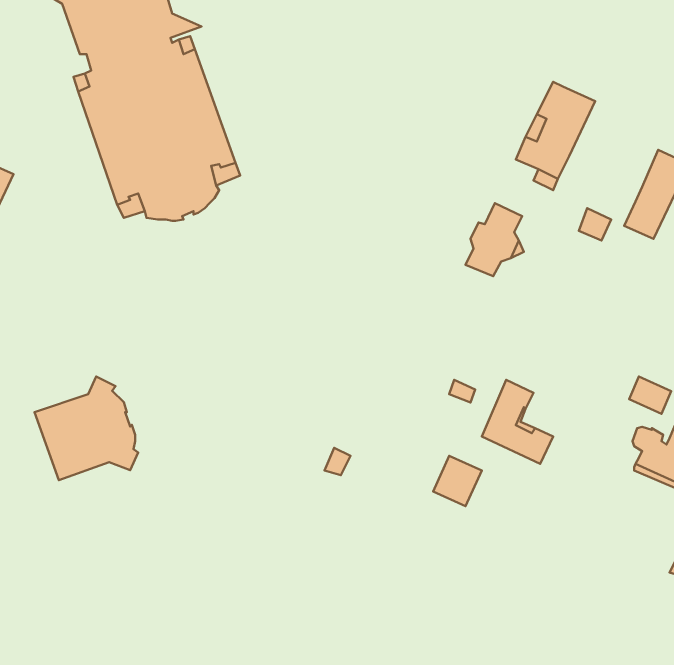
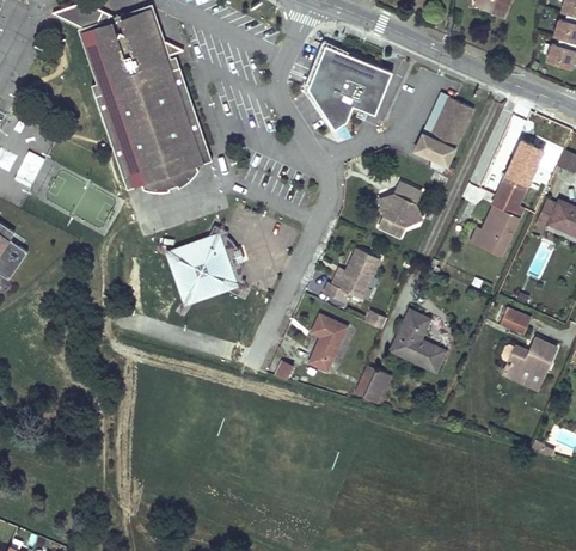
building: none -> [308,42,392,127]
building: none -> [473,197,520,256]
building: none -> [323,246,379,300]
building: [35,376,138,480] -> [167,227,244,304]
building: none -> [308,314,347,371]

